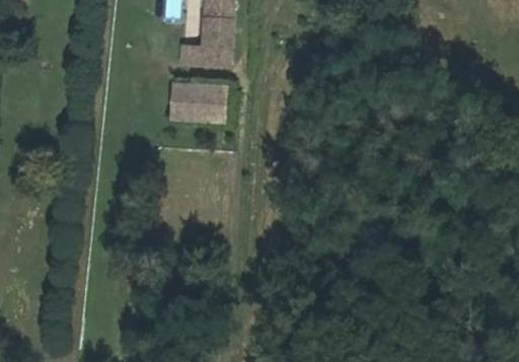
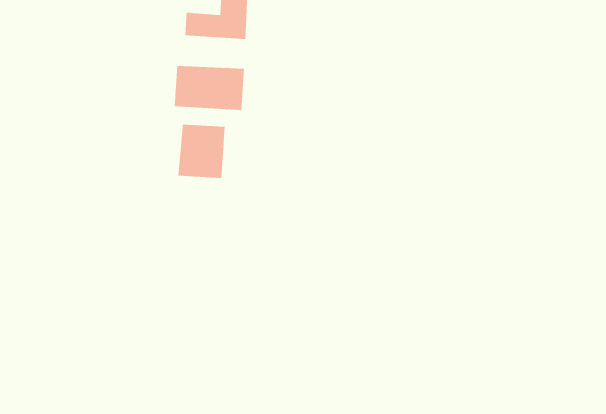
building: none -> [178,124,225,179]

